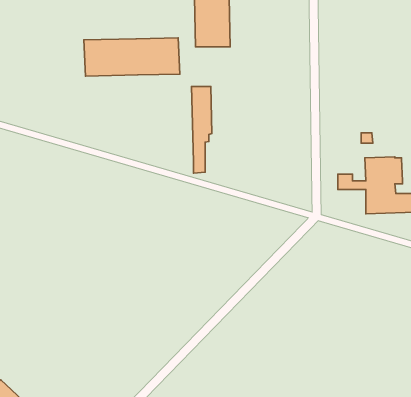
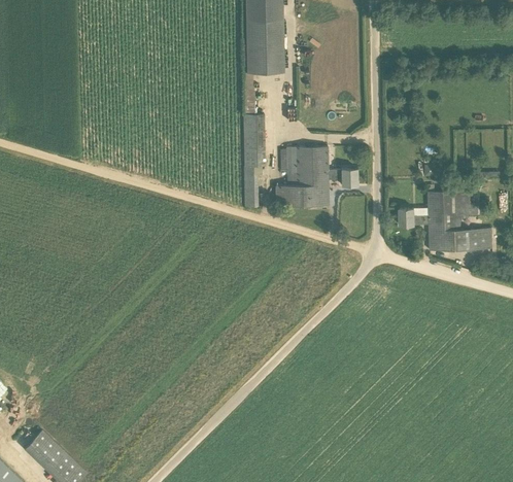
building: [84,38,180,76] -> none
building: none -> [276,146,357,206]

